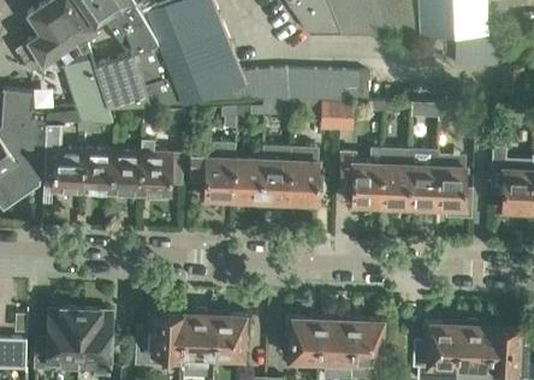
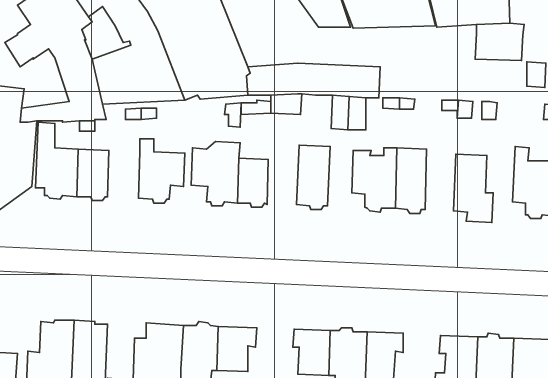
building: [260,144,290,204] -> none
building: [408,149,437,210] -> none
building: [111,150,141,198] -> none

